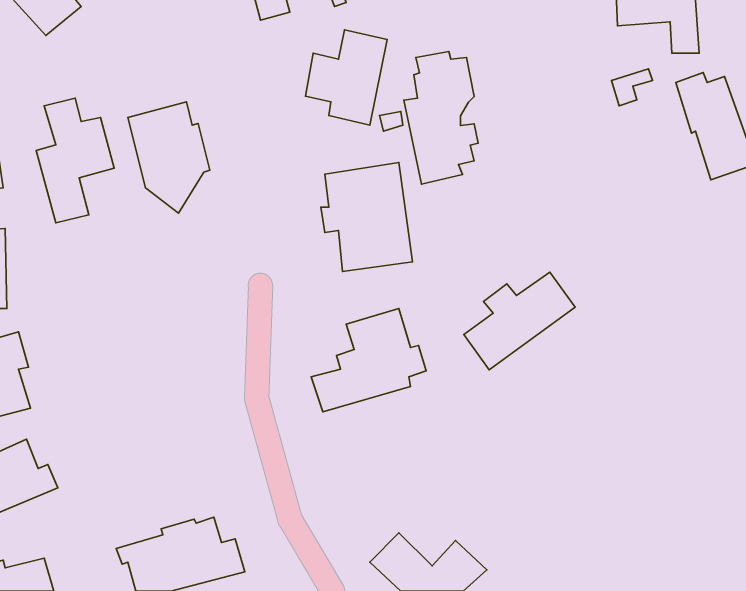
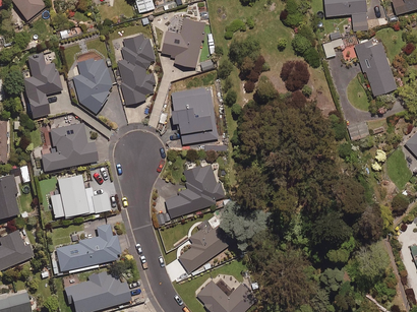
building: [404,52,478,184] -> [117,35,156,104]
building: none -> [40,123,97,172]
building: [464,272,575,370] -> [177,222,235,272]
building: none -> [49,175,117,223]
building: none -> [54,224,120,274]

